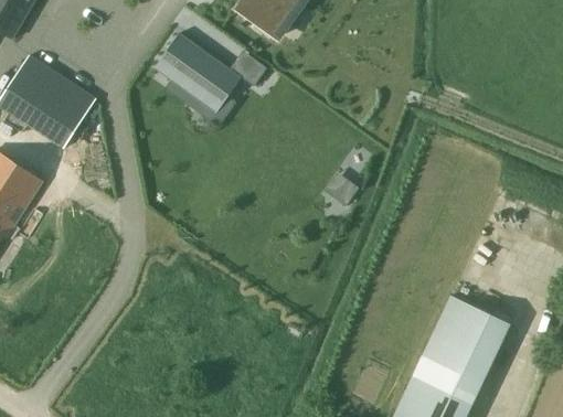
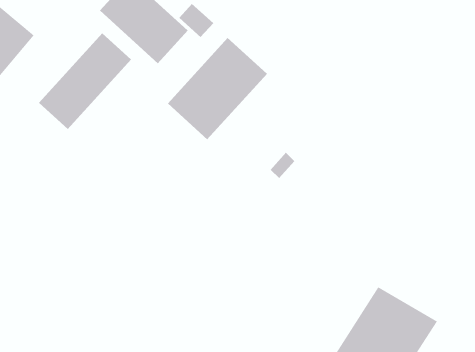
building: none -> [167,37,268,140]
building: none -> [38,33,132,130]

